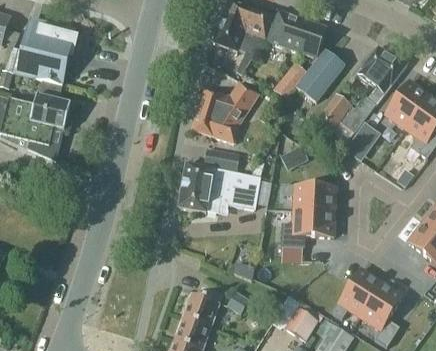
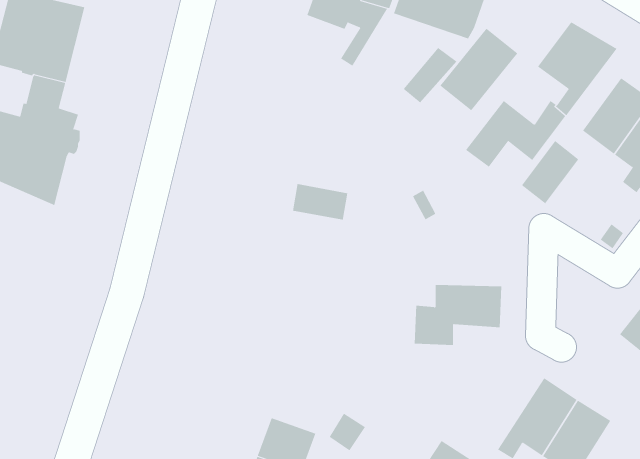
building: [192,81,258,142] -> none
building: [179,163,261,213] -> none
building: [283,184,336,211] -> none

